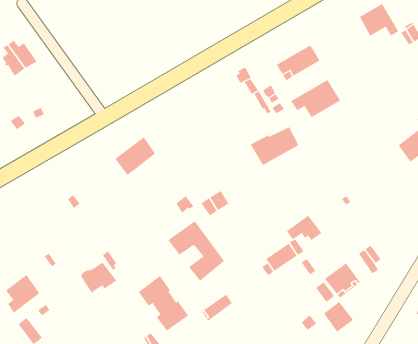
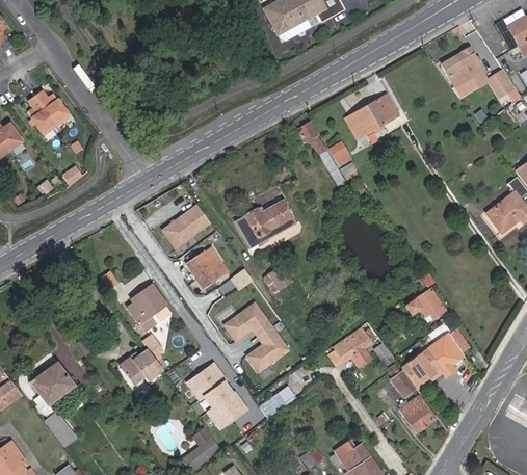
building: [290,79,341,118] -> none
building: [250,126,299,166] -> [237,201,294,246]
building: none -> [188,247,227,286]
building: none -> [129,285,166,331]
building: [286,215,322,241] -> [404,288,446,318]

